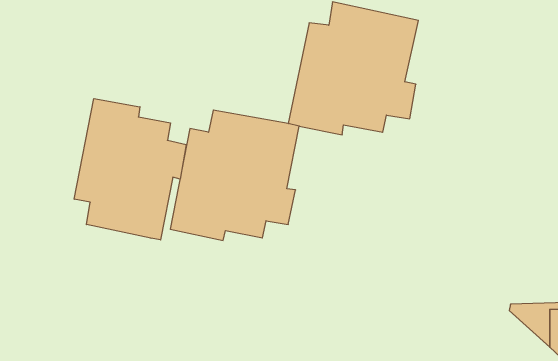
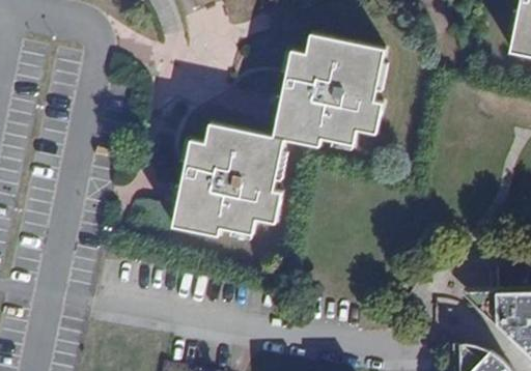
building: [74,99,186,240] -> none

